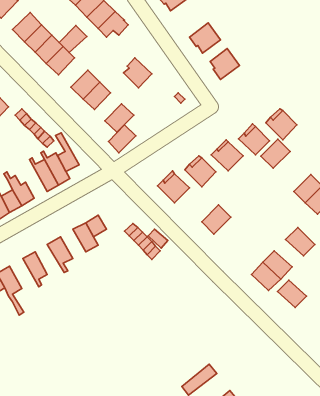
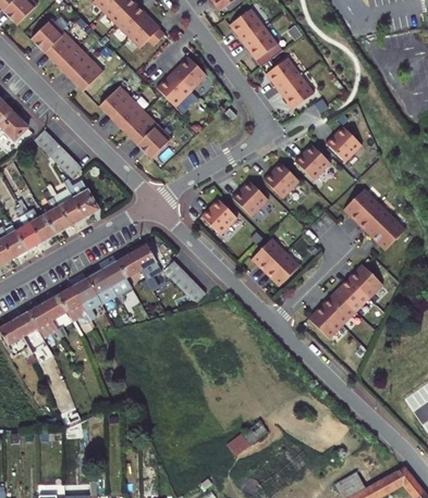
building: none -> [224,11,259,46]
building: [59,26,87,52] -> none
building: none -> [174,57,209,88]
building: none -> [273,78,310,112]
building: [109,125,136,153] -> [127,110,159,142]
building: [56,133,79,171] -> [46,187,73,232]
building: [261,139,290,168] -> [344,190,378,224]
building: none -> [132,244,159,284]
building: none -> [266,253,299,287]
building: none -> [88,267,122,303]
building: none -> [59,285,93,321]
building: none -> [29,301,63,337]
building: [277,280,307,307] -> [335,279,369,311]

